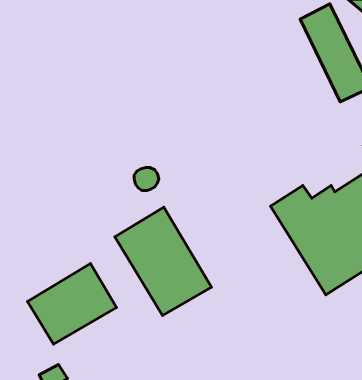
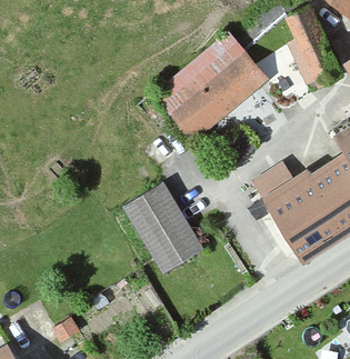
building: none -> [154,33,271,144]
building: [27,264,116,344] -> none

